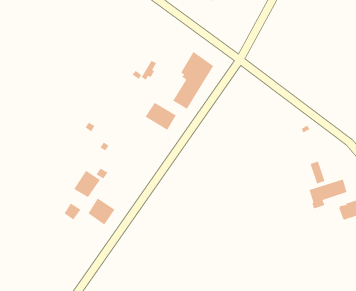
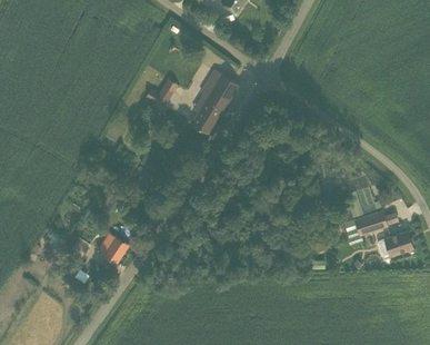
building: [145,102,177,131] -> none
building: [73,170,101,198] -> none

